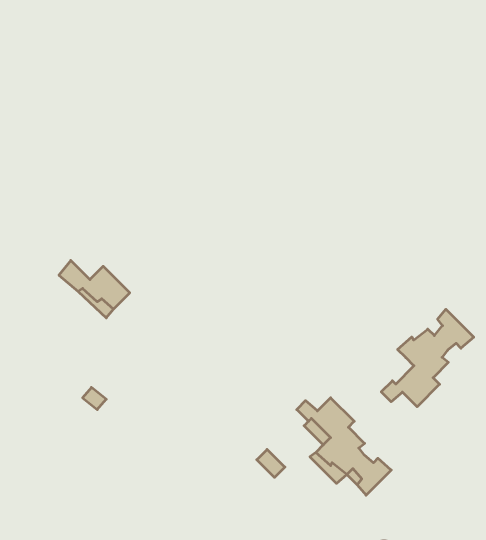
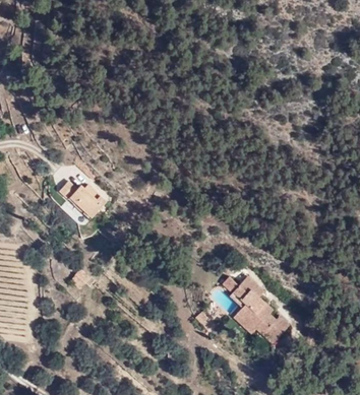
building: [381,309,474,407] -> none

